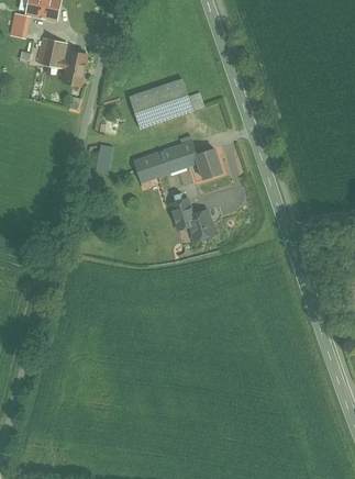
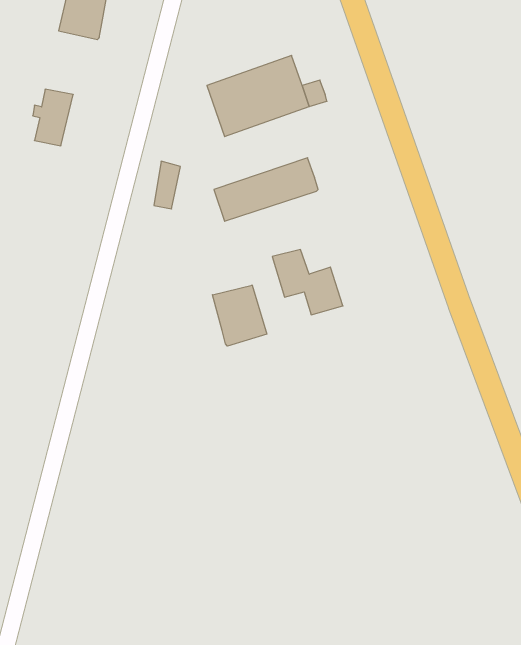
building: [63,51,88,86] -> [33,89,73,146]
building: [197,148,222,179] -> none
building: none -> [212,285,267,346]

